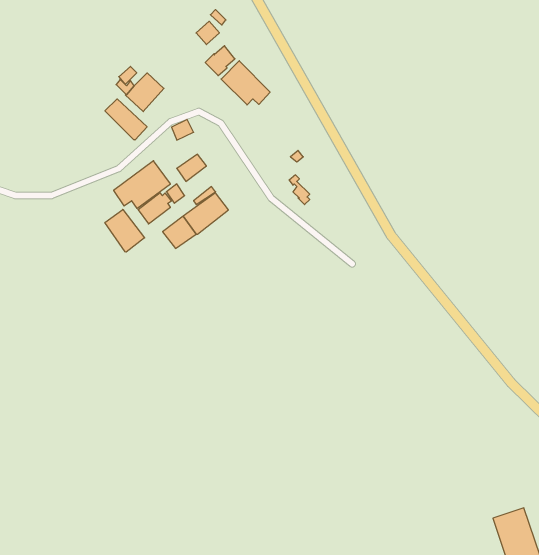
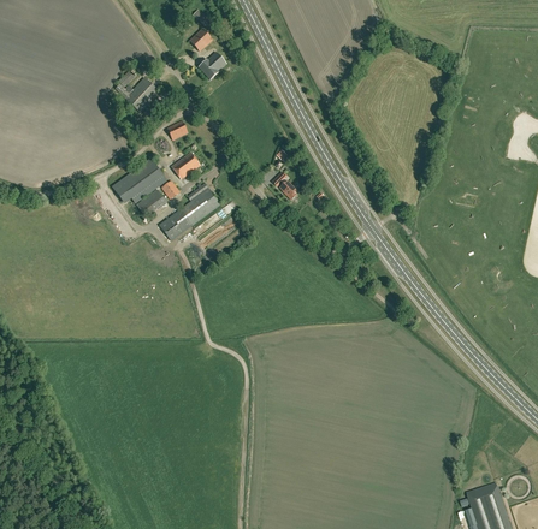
building: [221,61,270,105] -> none
building: [105,99,147,140] -> none
building: [105,209,145,252] -> none

